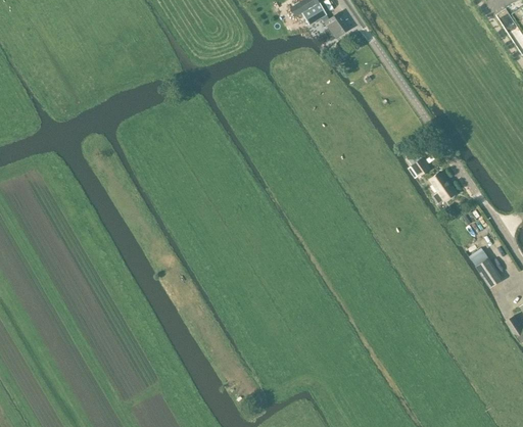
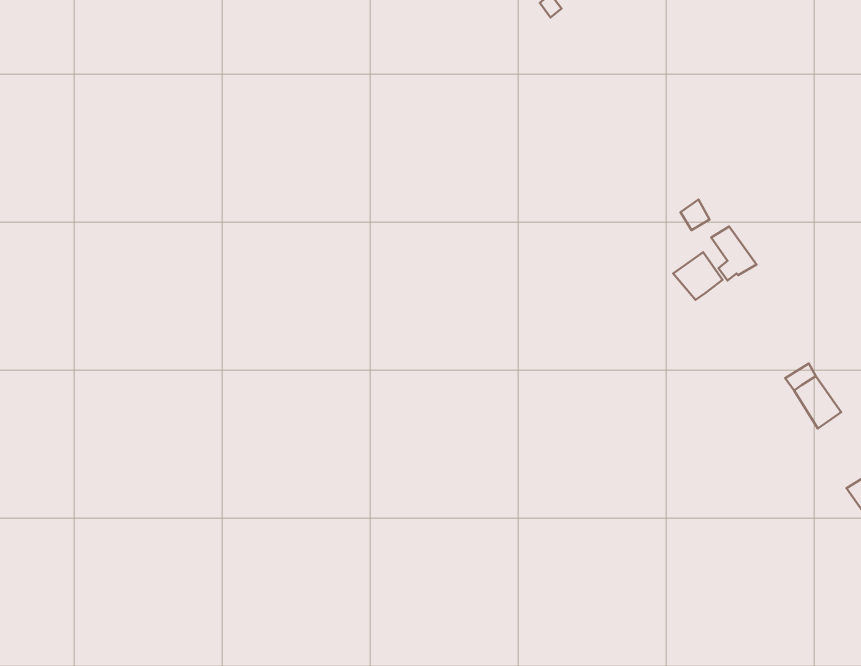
building: none -> [673,252,723,300]

